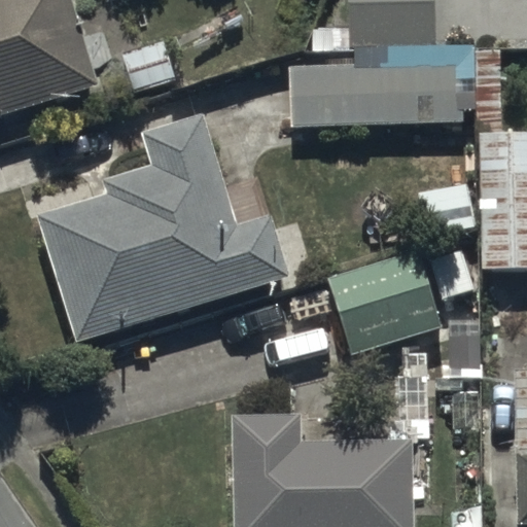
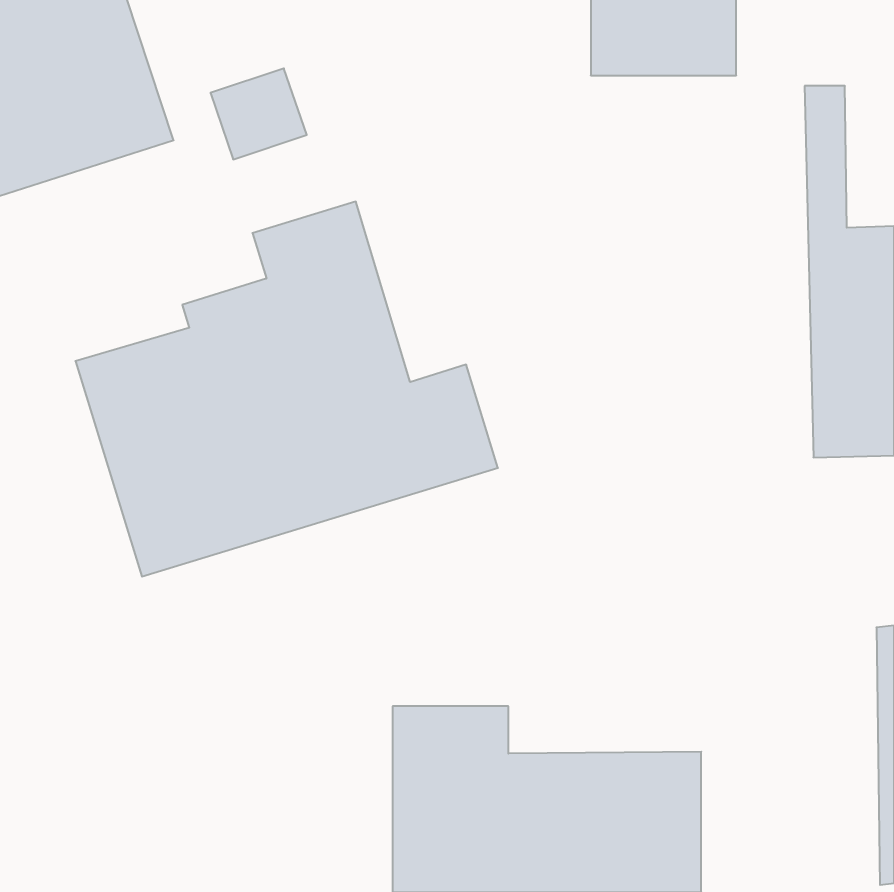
building: [291,51,461,128] -> none
building: [327,249,470,355] -> none

